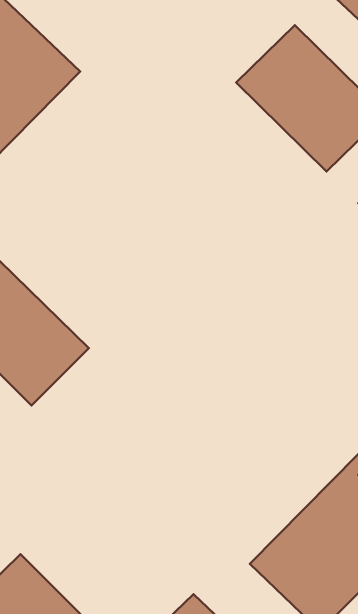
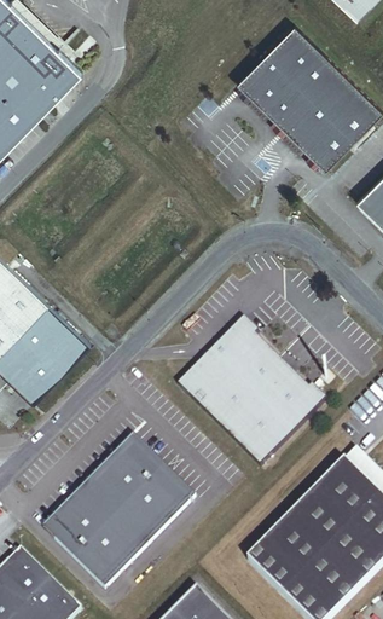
building: none -> [176,319,326,468]
building: none -> [42,436,195,589]

